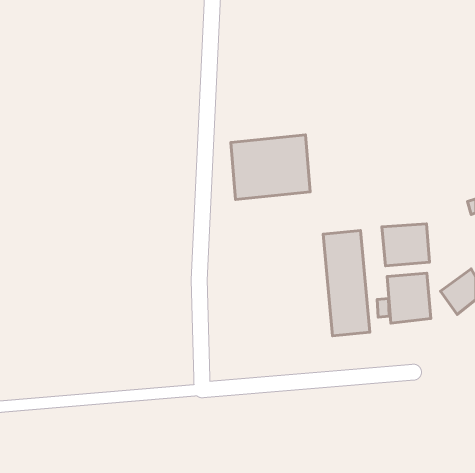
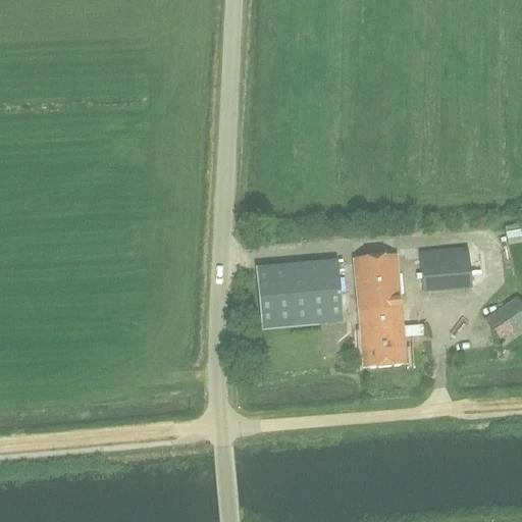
building: [231,135,310,199] -> [256,258,343,328]
building: [387,273,431,323] -> none

